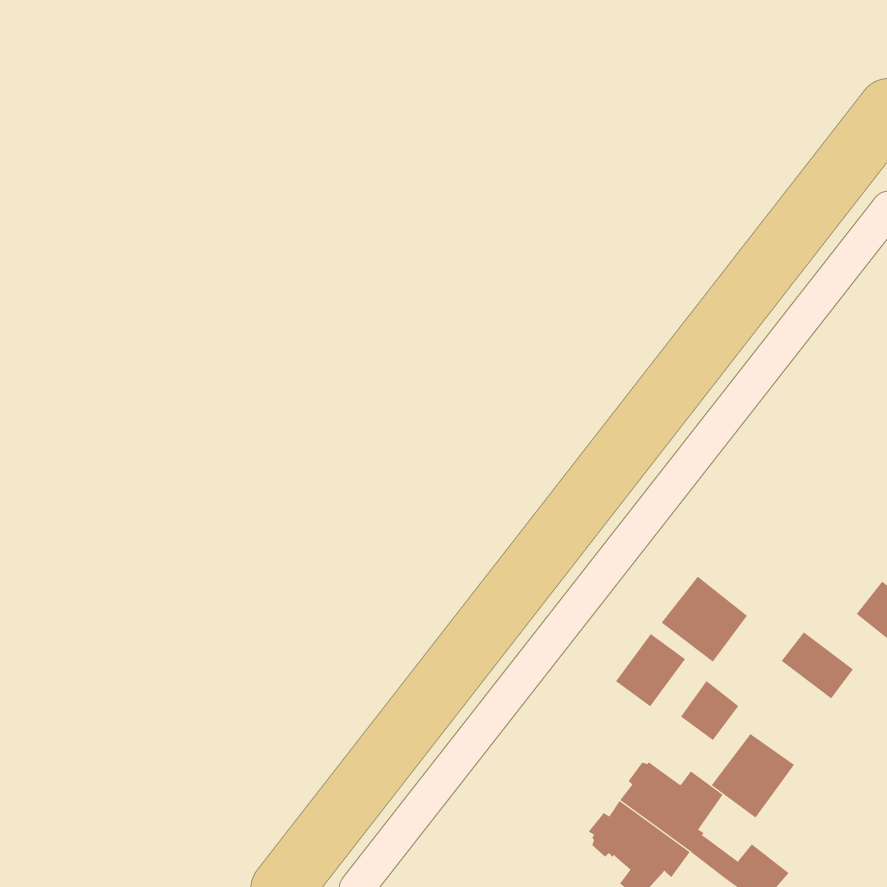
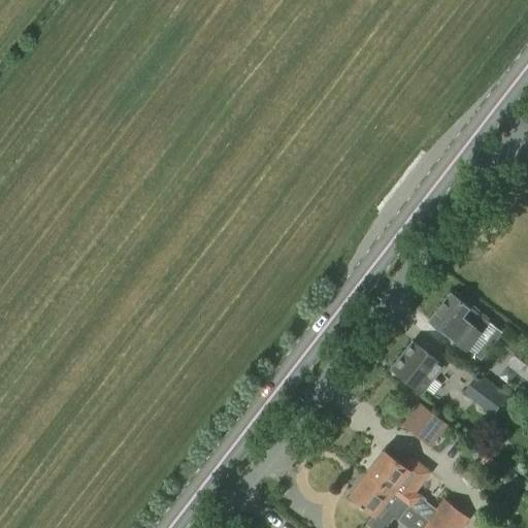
building: none -> [430,295,489,352]
building: [615,633,686,707] -> none
building: [711,733,795,819] -> none

